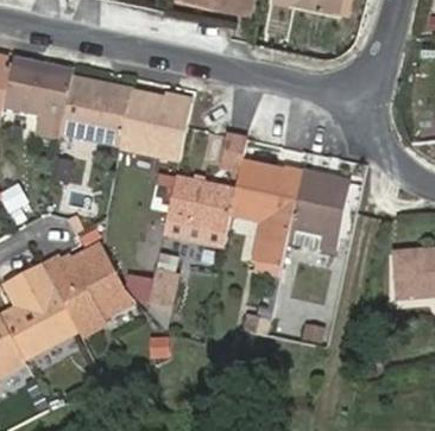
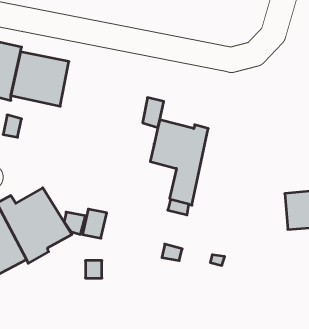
building: [119,90,190,161] -> none
building: [286,170,352,248] -> none
building: [162,177,234,246] -> none

